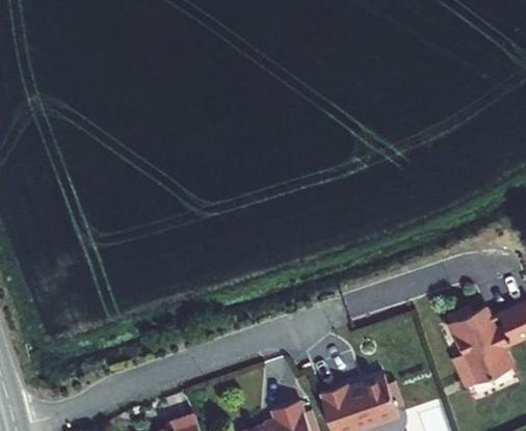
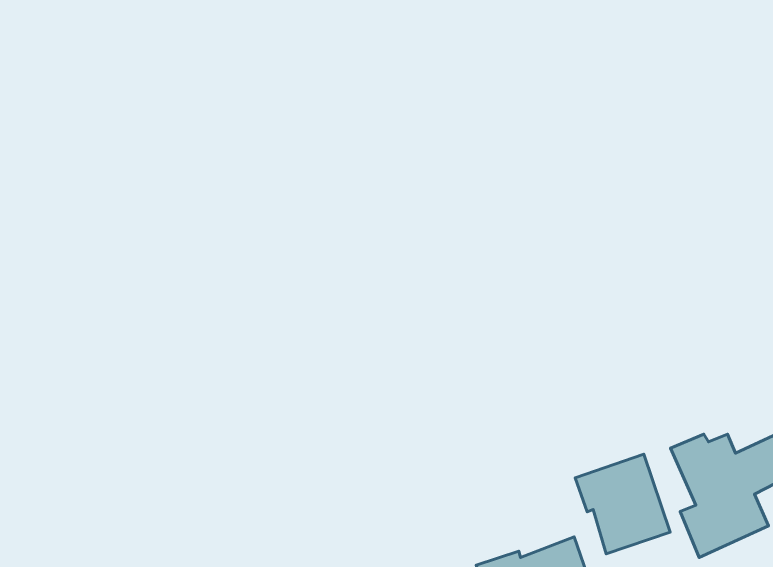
building: none -> [575,454,670,554]

